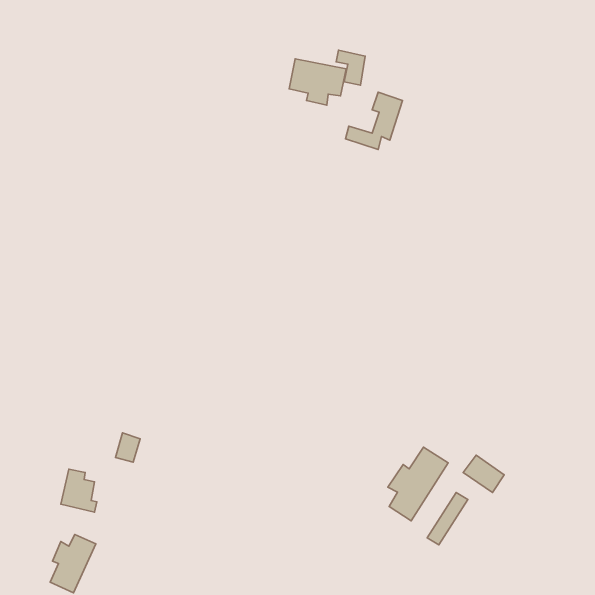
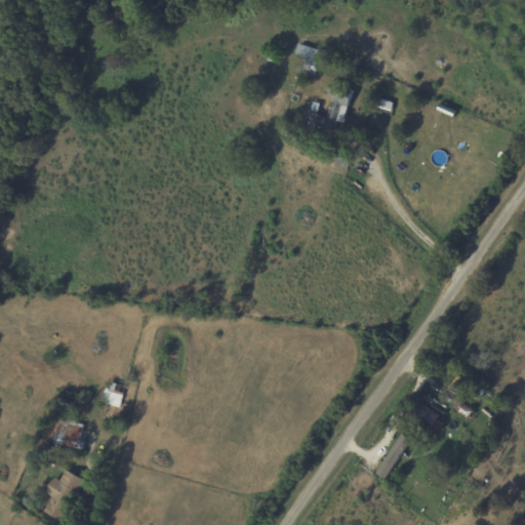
building: [289,59,346,105] -> none
building: [388,447,448,521] -> none

